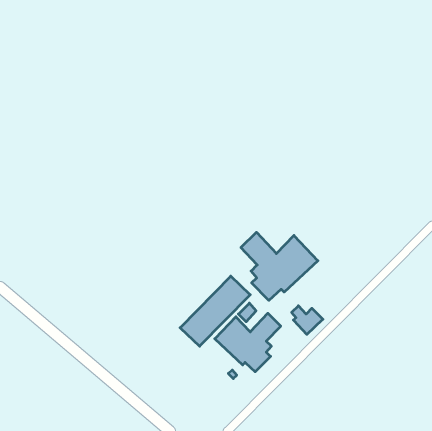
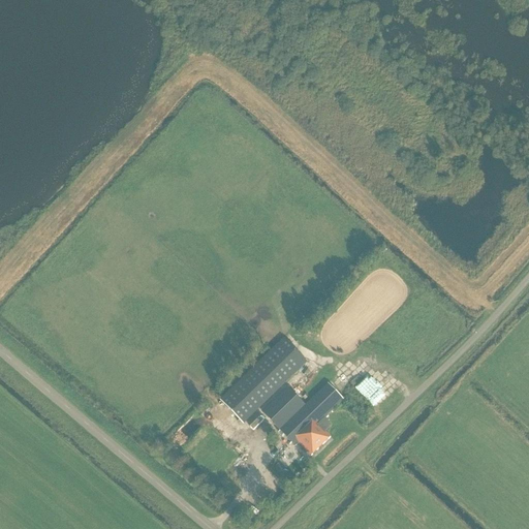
building: [241,232,318,300] -> none

